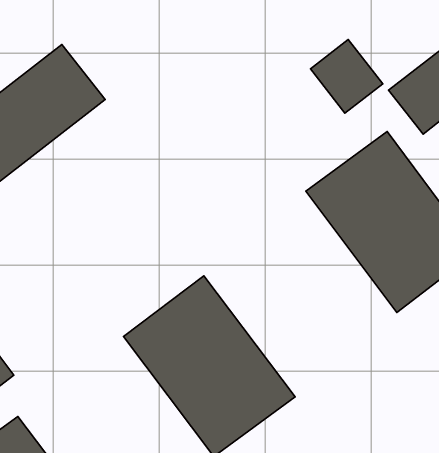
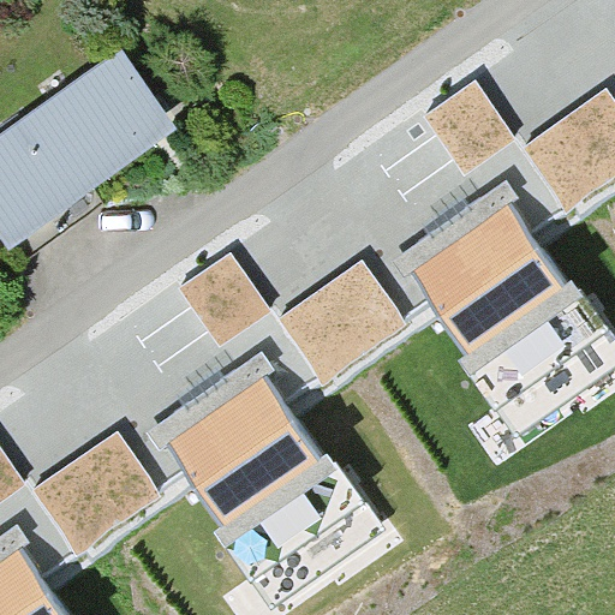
building: none -> [178,253,269,347]
building: none -> [276,262,402,380]
building: none -> [31,431,159,549]

